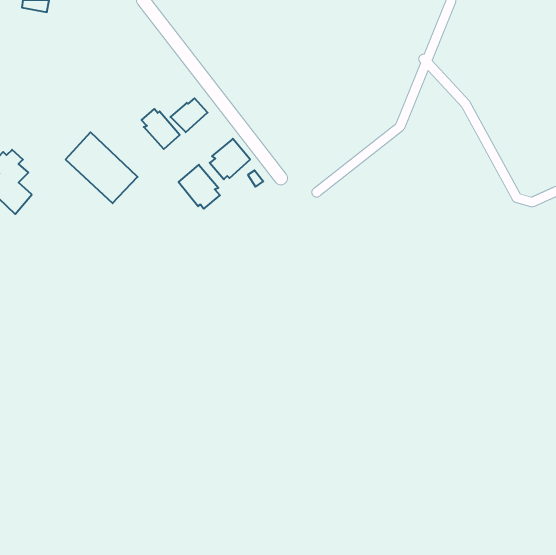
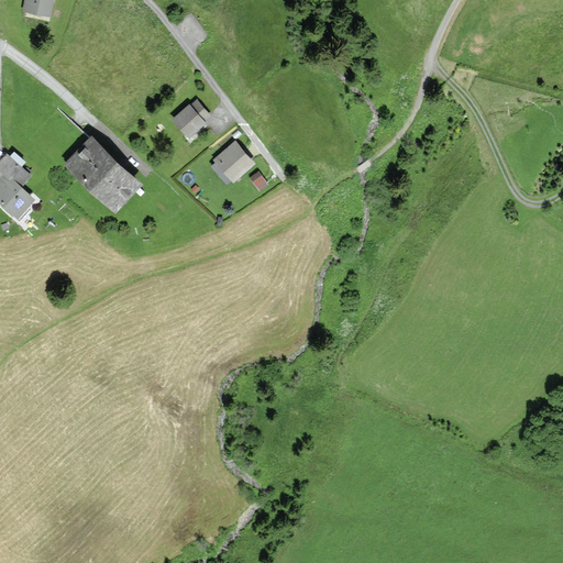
building: [142,109,180,149] -> none
building: [179,165,220,209] -> none

